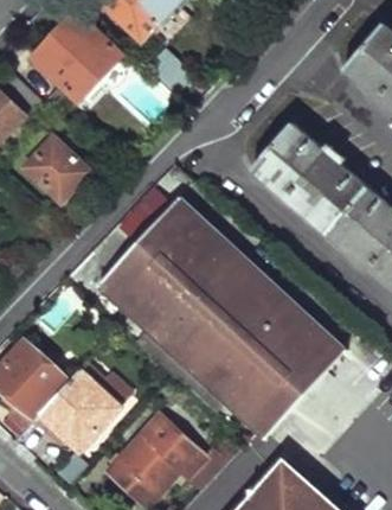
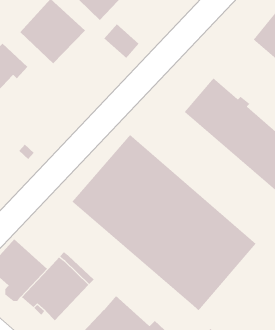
building: [23,140,88,205] -> none

